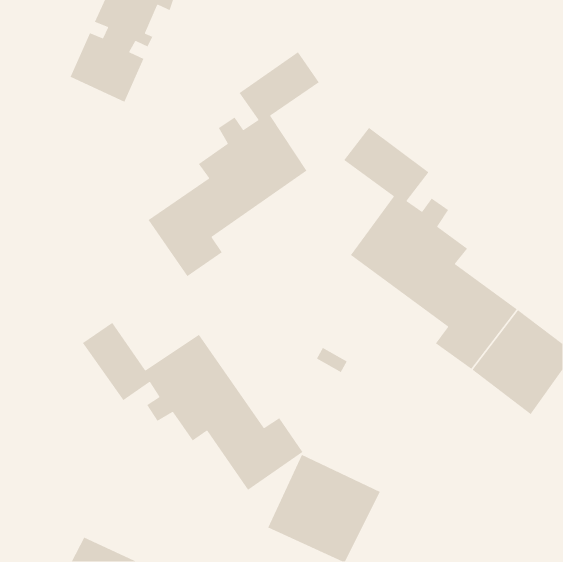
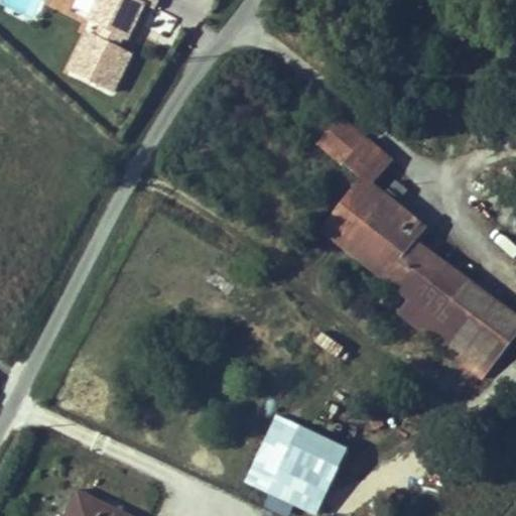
building: [148,51,320,277] -> none
building: [82,322,304,491] -> none

